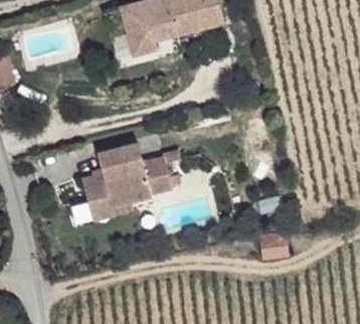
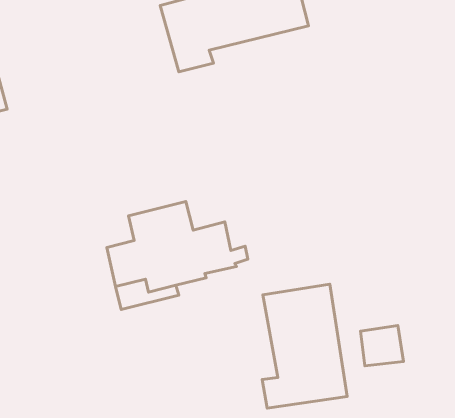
building: none -> [262,284,347,408]

